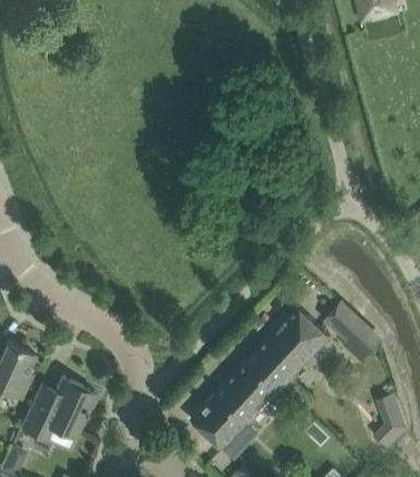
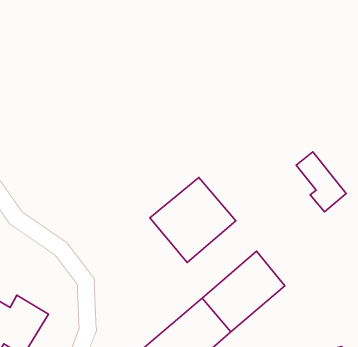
building: none -> [150,177,236,263]
building: [323,303,376,362] -> [296,152,346,212]

